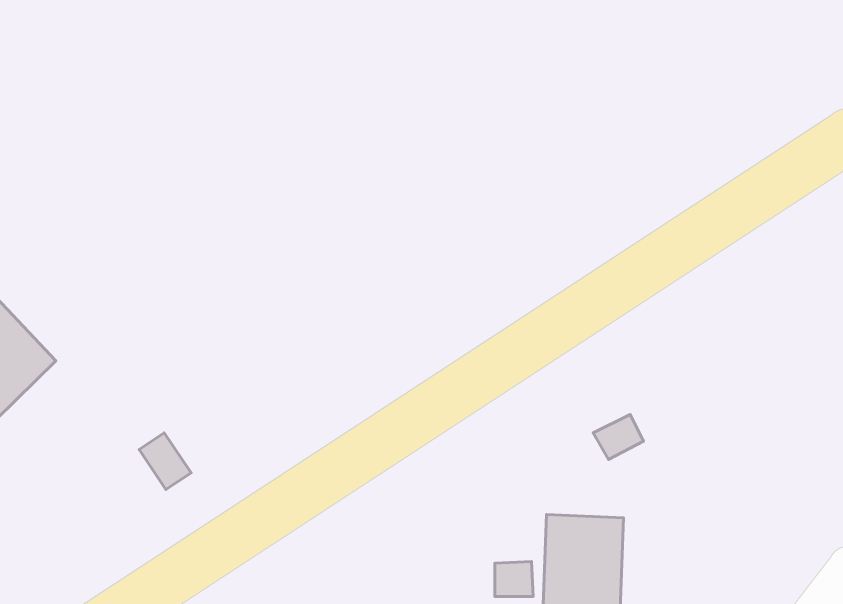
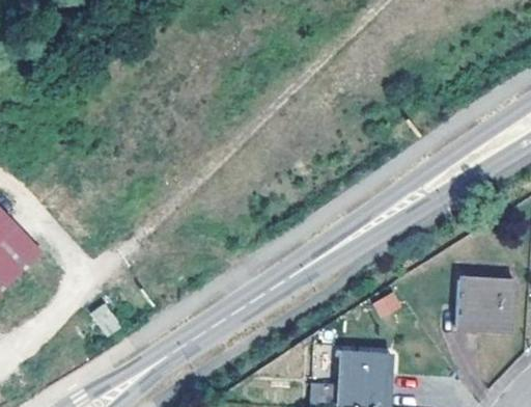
building: none -> [454,279,514,330]

